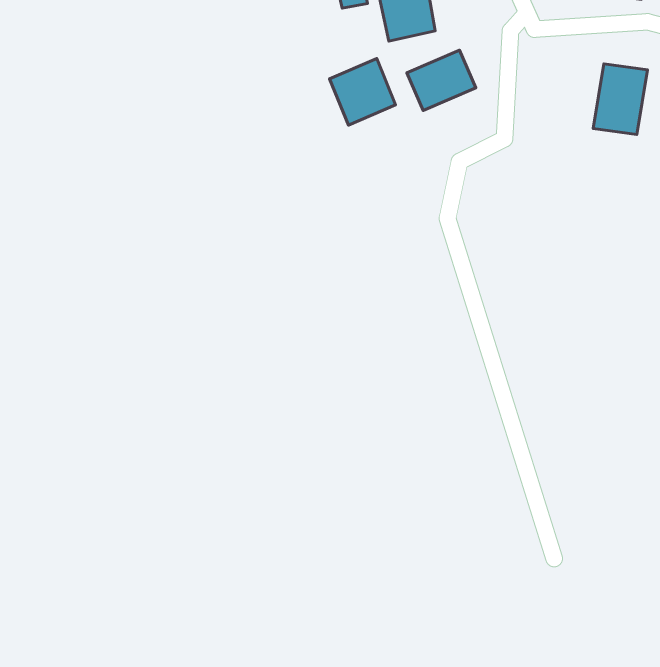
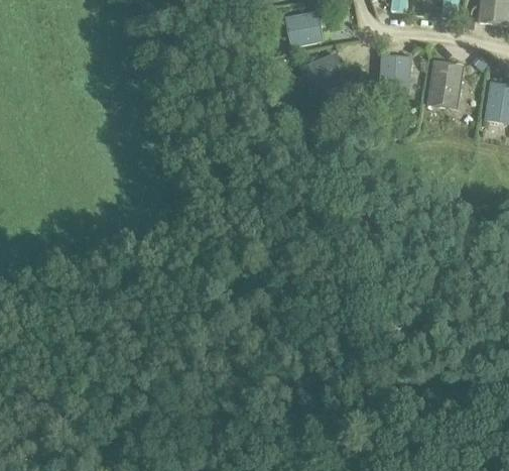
building: none -> [380,53,413,93]
building: [330,59,396,125] -> none

